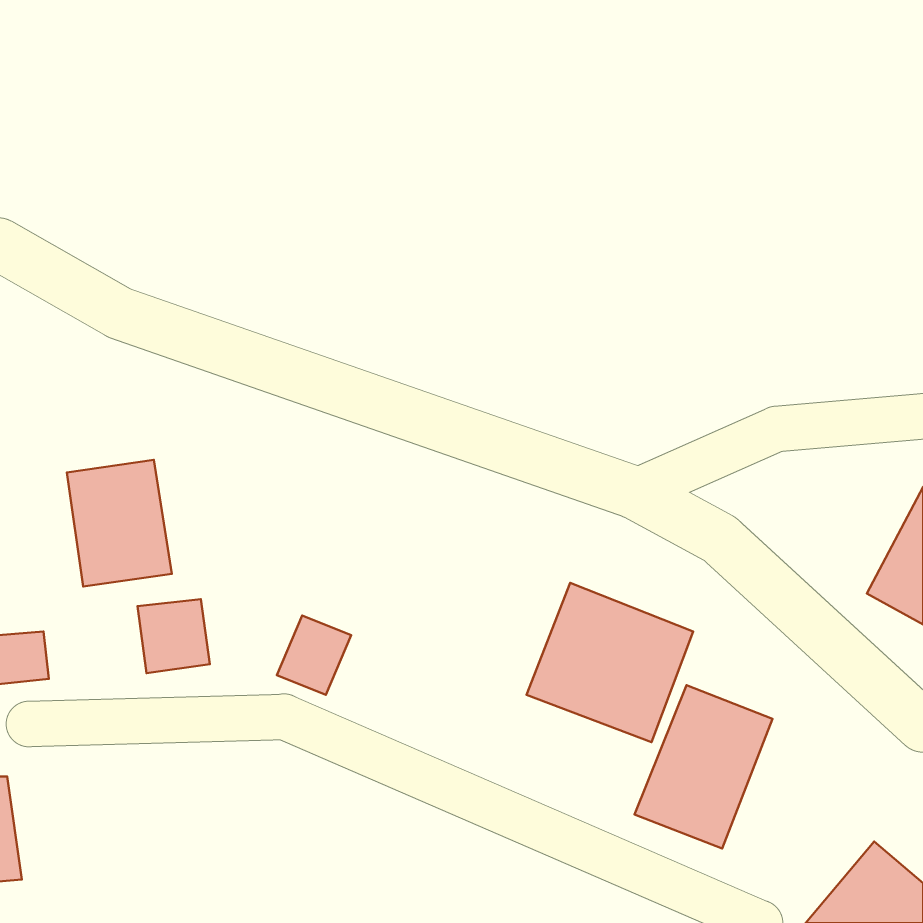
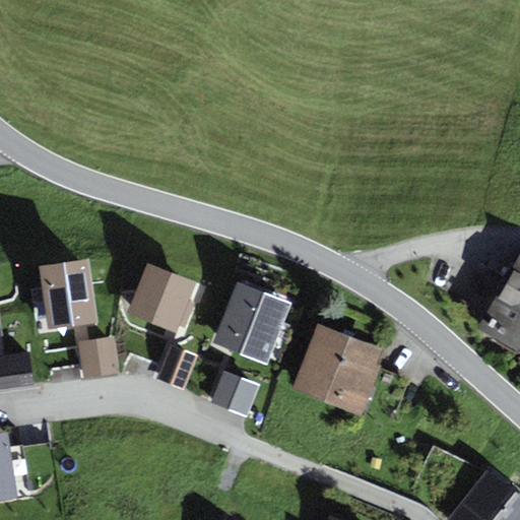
building: none -> [126,262,195,332]
building: none -> [217,286,285,359]
building: none -> [214,374,255,412]
building: [634,685,773,849] -> none

